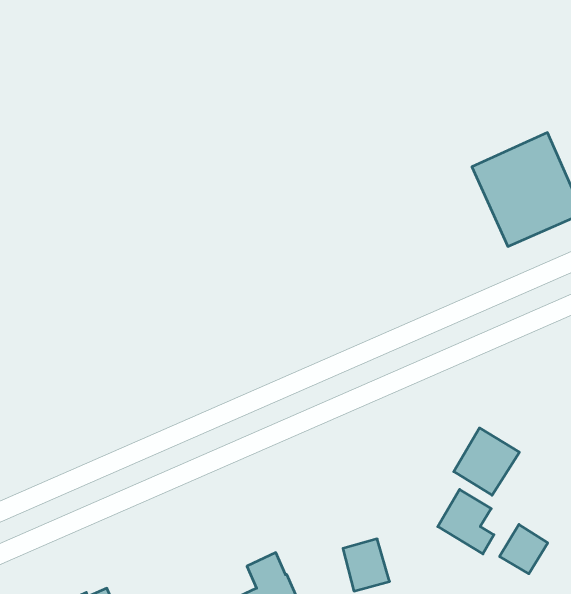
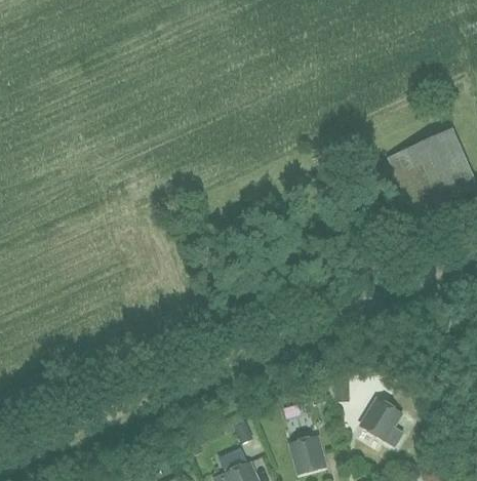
building: [454,428,519,495] -> none
building: [500,524,548,574] -> none

